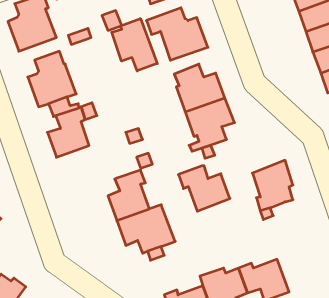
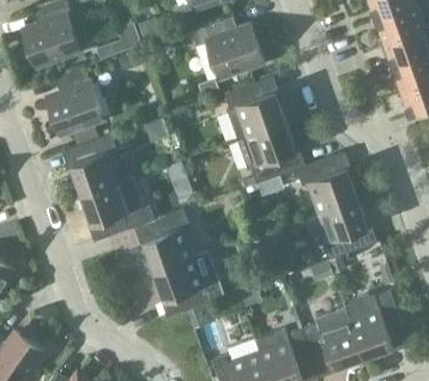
building: [112,19,157,71] -> none
building: none -> [81,177,155,236]
building: [178,166,230,211] -> [296,159,358,214]
building: none -> [345,291,404,358]

